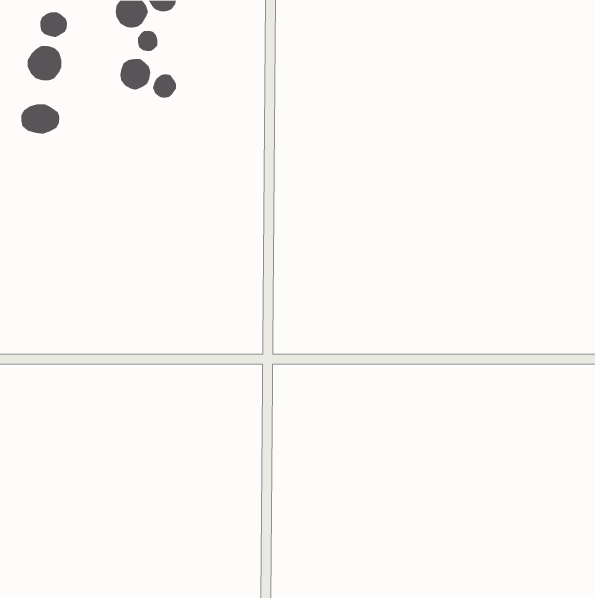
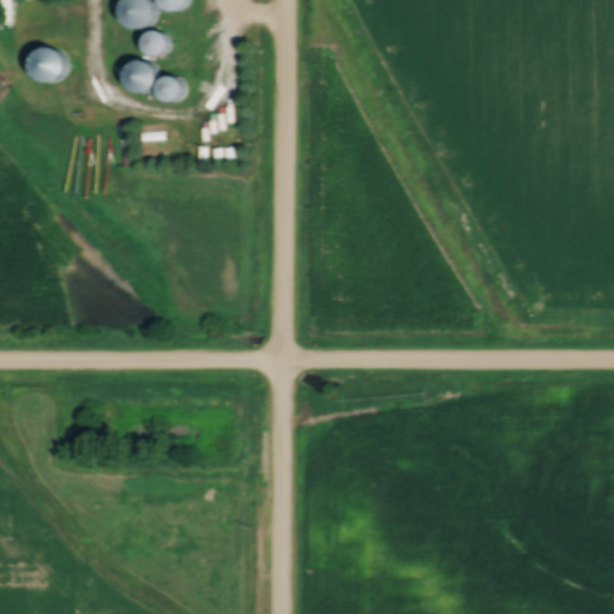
building: [40,11,67,38] -> none
building: [21,104,60,135] -> none

